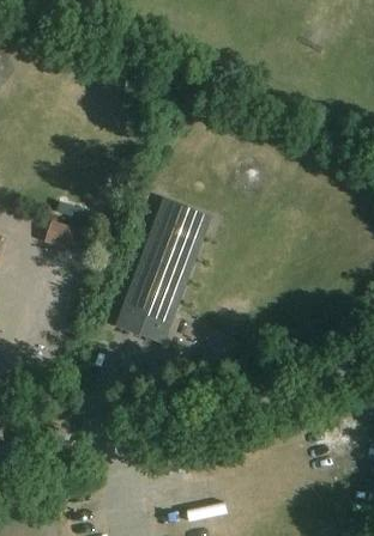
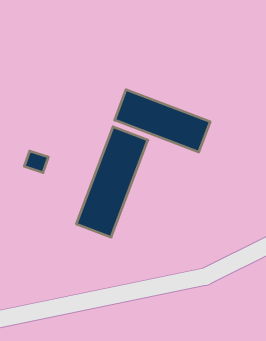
building: none -> [115,90,210,152]

